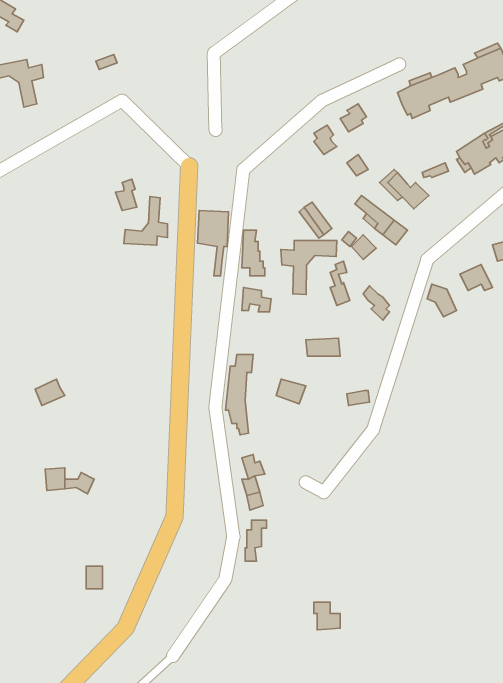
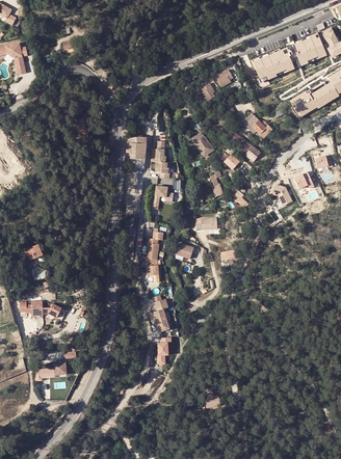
building: [124,197,167,245] -> none
building: [281,240,337,295] -> none

